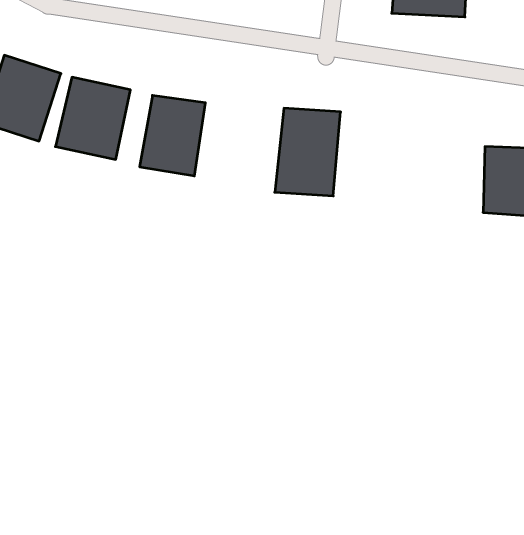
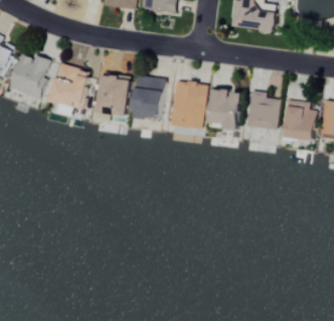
building: none -> [133,75,166,121]
building: none -> [209,88,242,131]
building: none -> [246,91,281,130]

